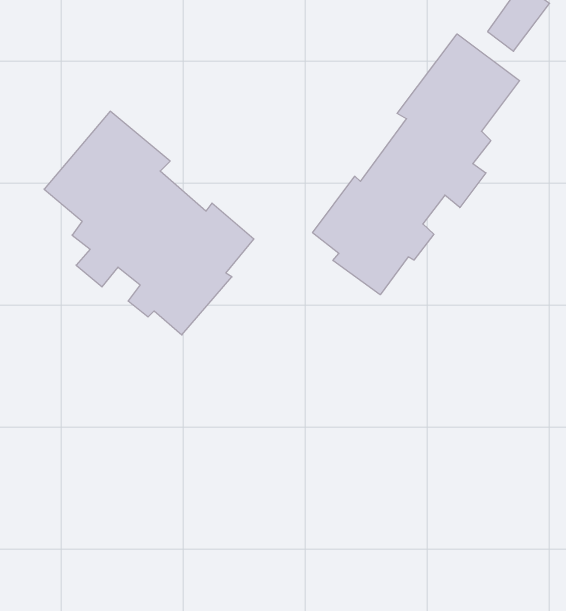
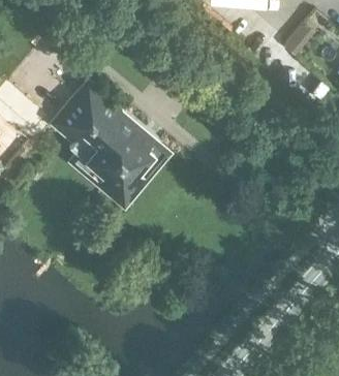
building: [313,34,520,295] -> none

